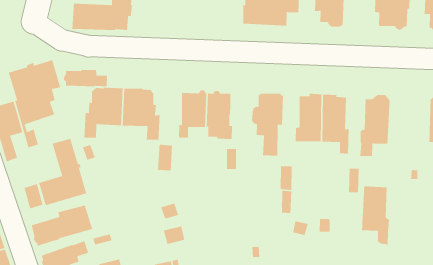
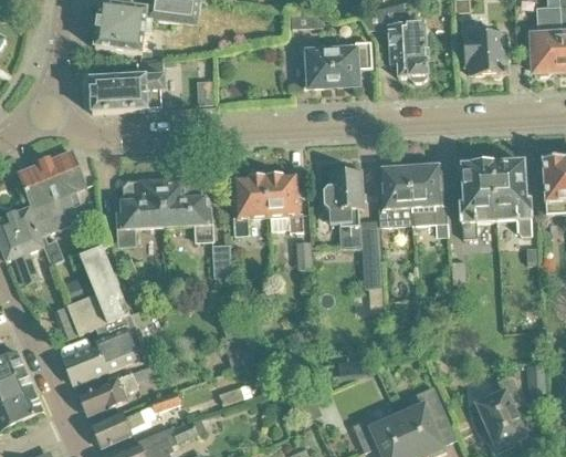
building: [63,69,108,87] -> none
building: [361,185,390,245] -> [494,163,532,235]

